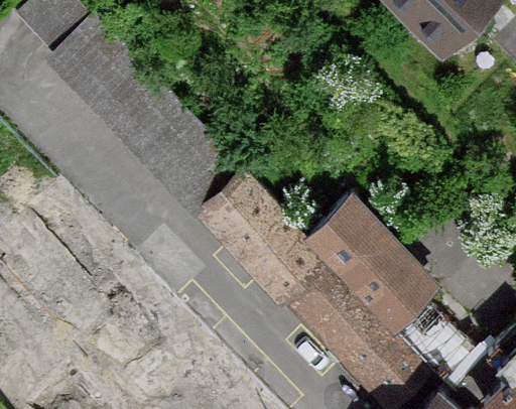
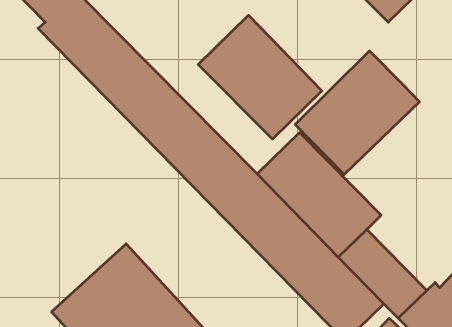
building: none -> [198,15,322,139]
building: none -> [295,51,419,175]

